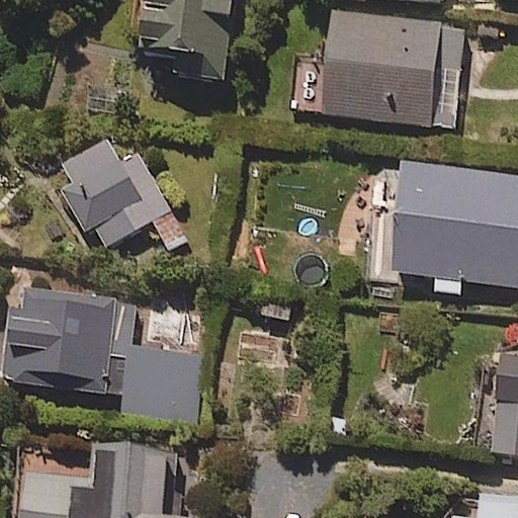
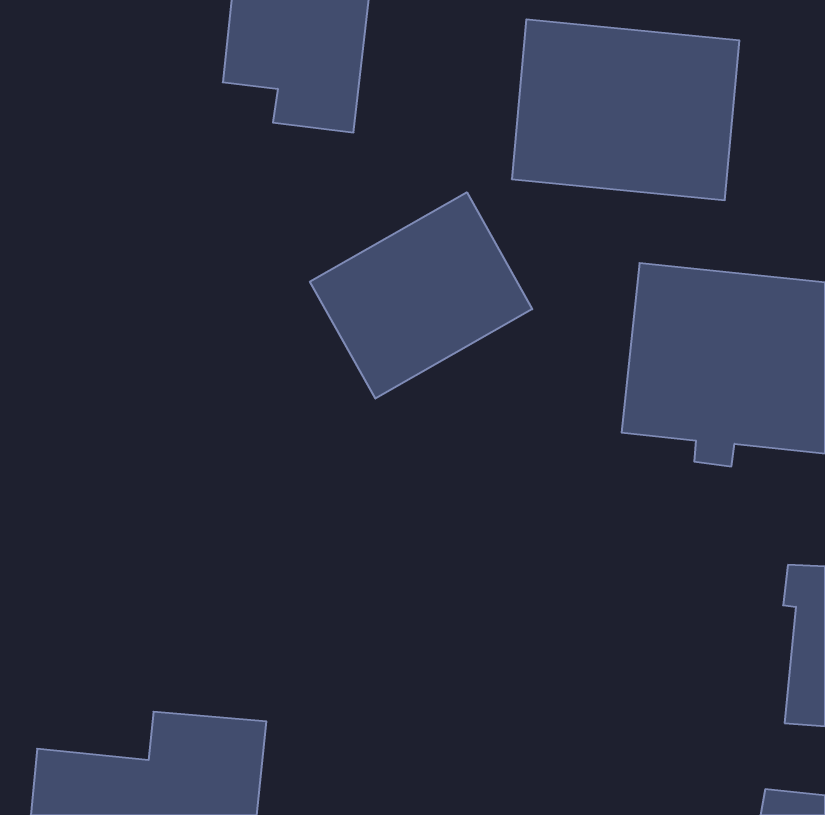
building: none -> [310,192,532,399]
building: [63,128,187,251] -> none
building: [7,287,199,415] -> none

